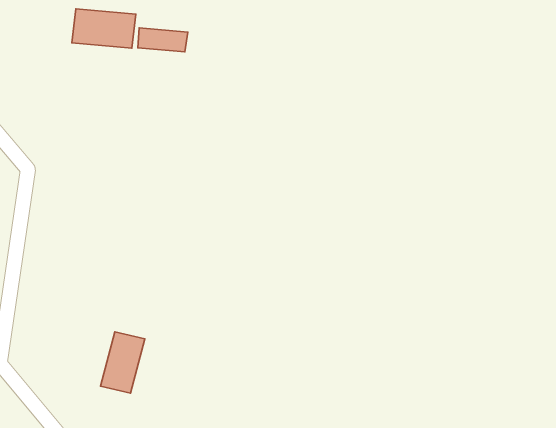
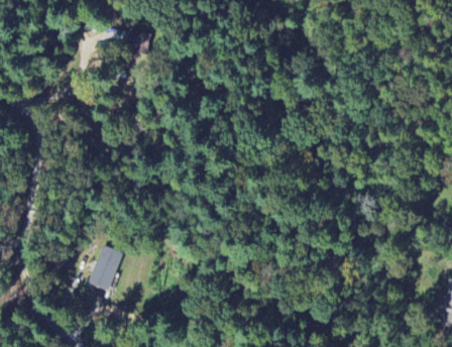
building: [72,9,136,48] -> none

